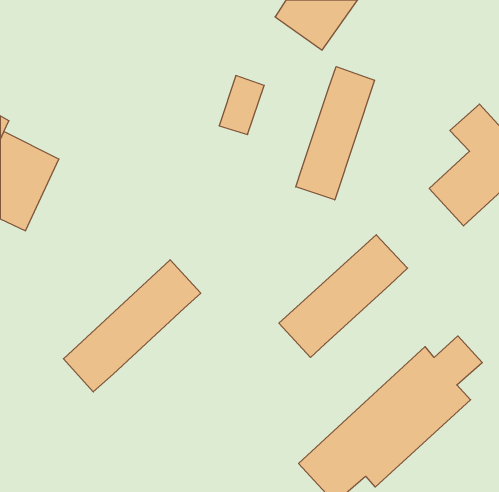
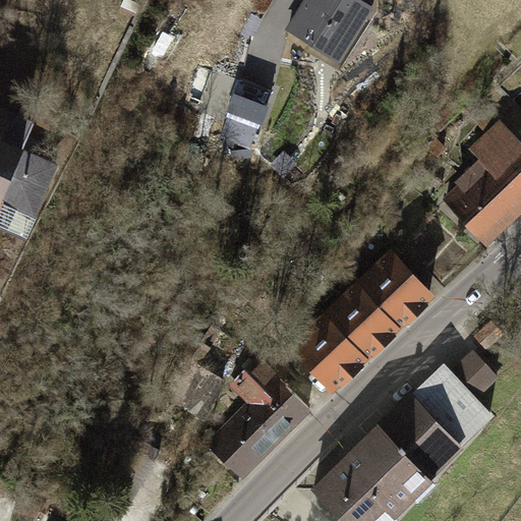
building: [296,67,374,200] -> none
building: [63,260,201,392] -> none
building: none -> [204,350,299,469]

